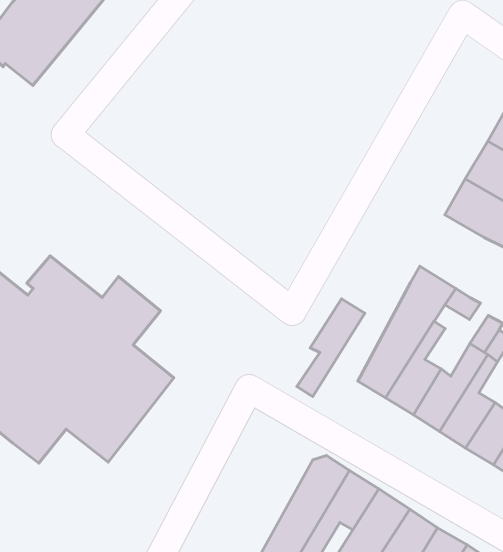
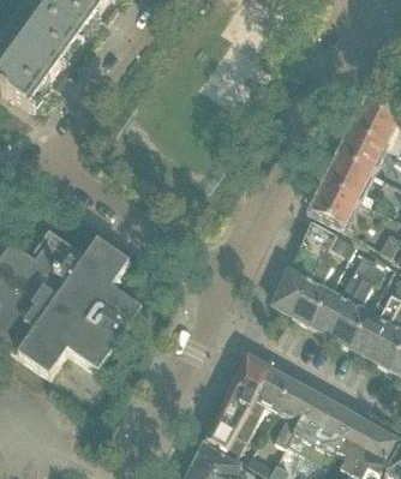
building: none -> [315,181,357,223]
building: [297,299,365,397] -> none

